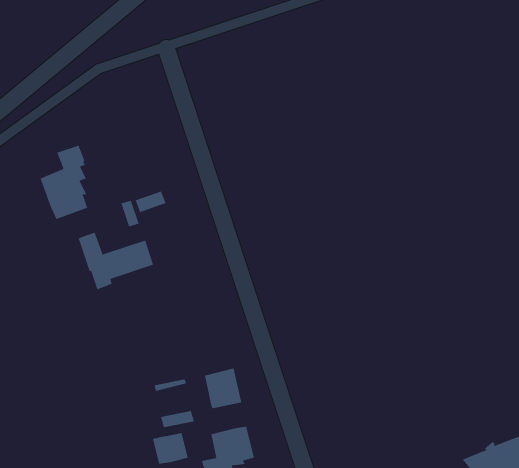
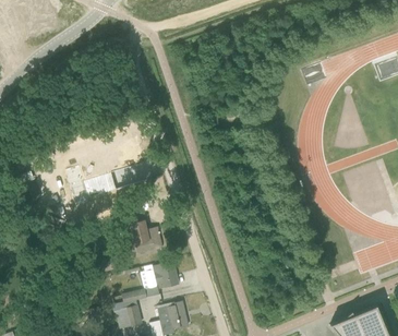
building: [40,145,88,220] -> none
building: none -> [130,219,162,254]

